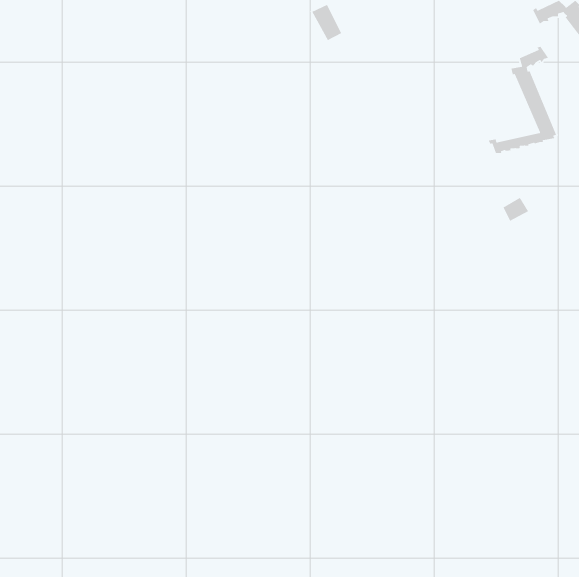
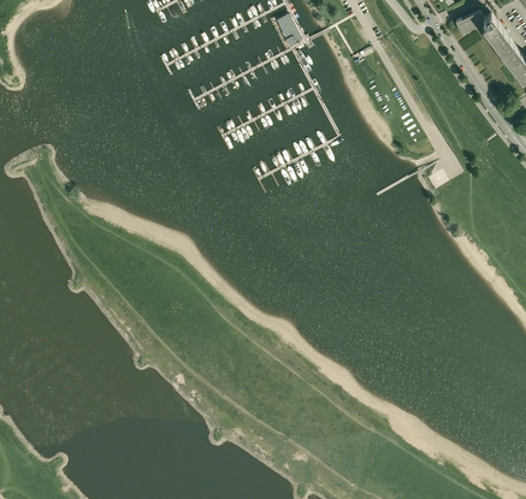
building: [488,46,557,154] -> none

